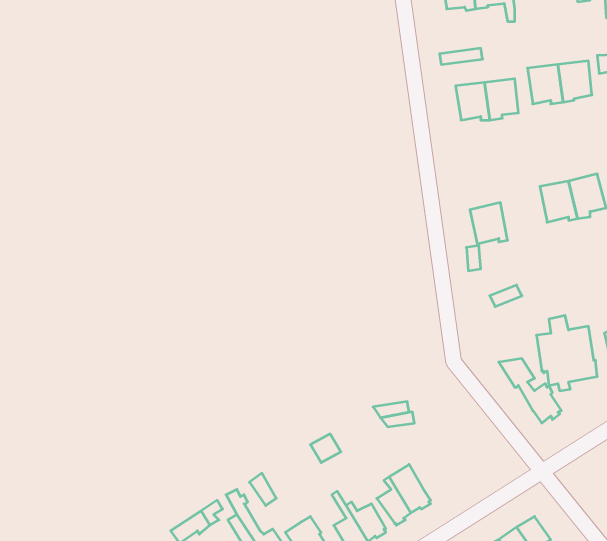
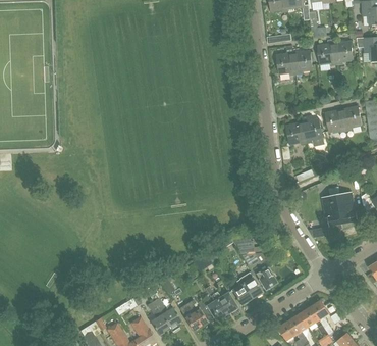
building: none -> [301,115,323,146]
building: [499,359,561,423] -> [240,253,276,290]

